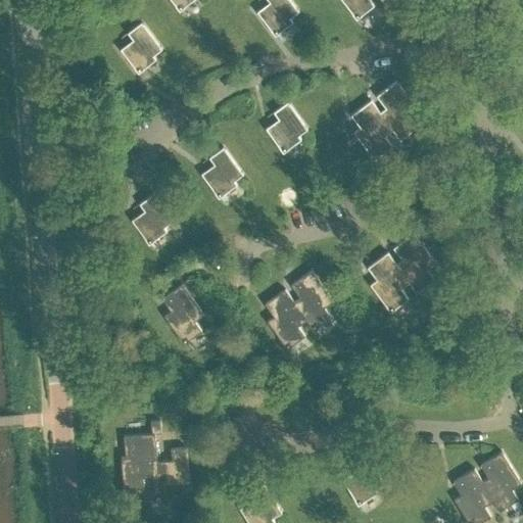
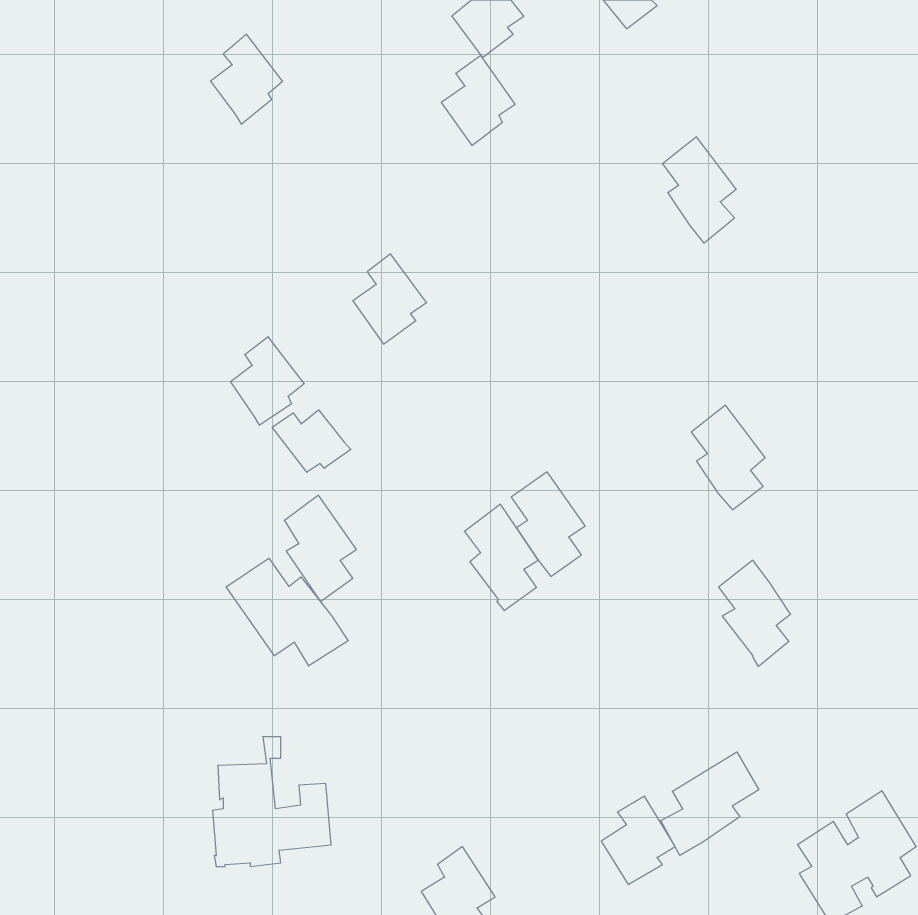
building: [351,100,392,159] -> none
building: [266,102,307,153] -> [441,56,515,146]
building: none -> [272,410,351,472]
building: [368,252,409,313] -> [719,560,791,667]
building: none -> [226,558,348,666]
building: none -> [661,752,759,855]

